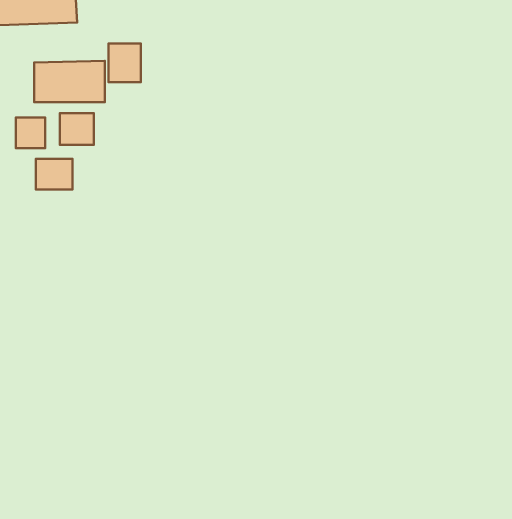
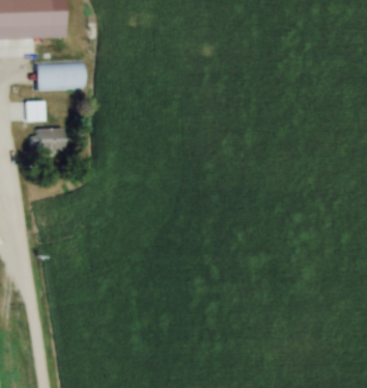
building: [108,44,141,82] -> none
building: [60,113,94,145] -> none

